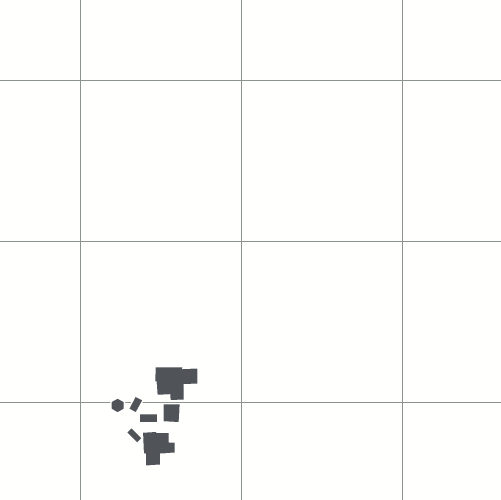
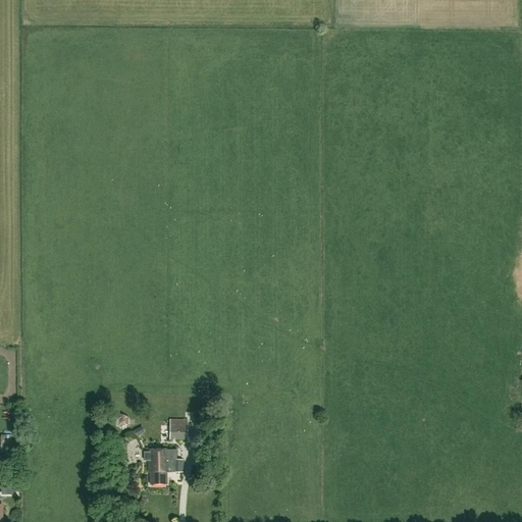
building: [155,367,198,401] -> none

